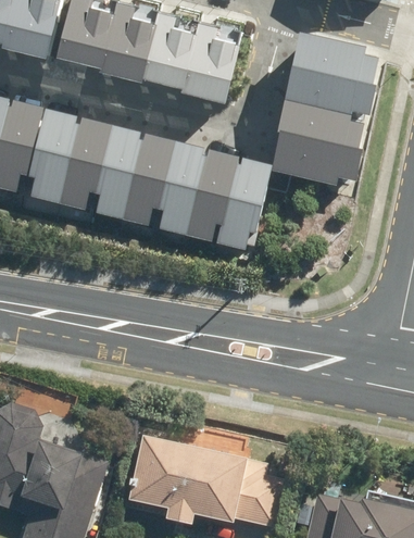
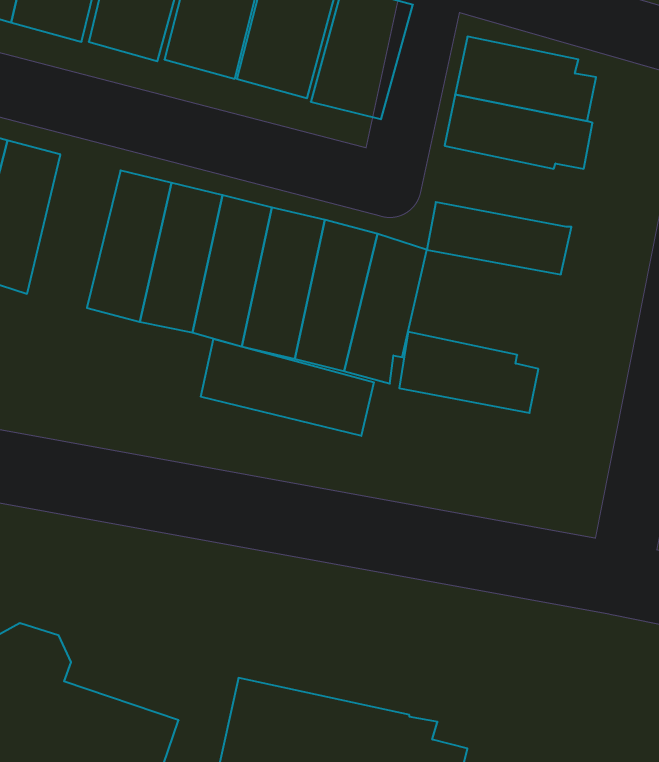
building: [273,108,359,158] -> [399,332,538,413]
building: [21,113,78,208] -> none
building: none -> [201,339,374,436]

